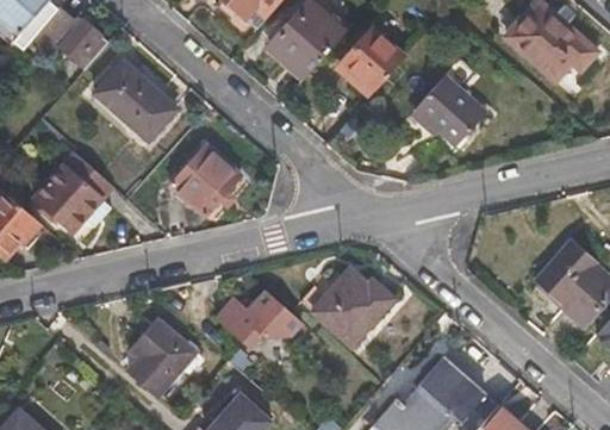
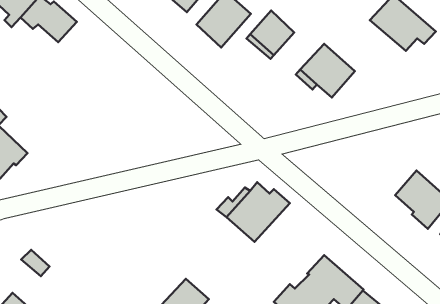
building: [94,61,176,142] -> none
building: [181,137,251,210] -> none
building: [32,152,108,229] -> none
building: [214,289,303,348] -> none
building: [122,322,192,397] -> none

